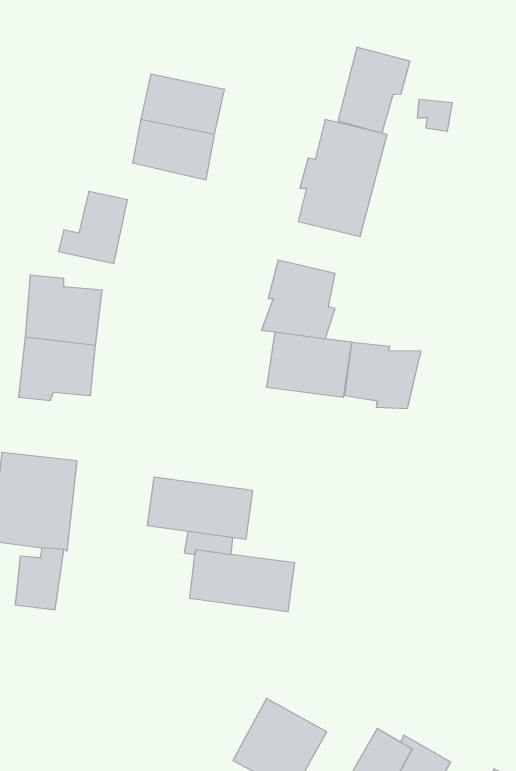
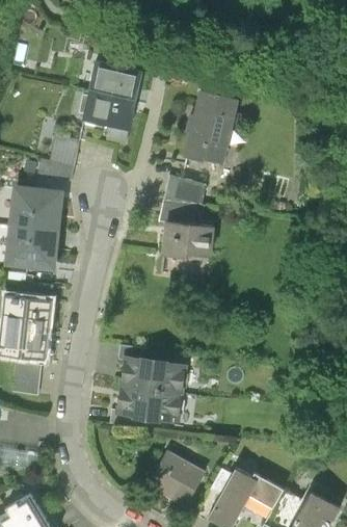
building: [338,47,410,133] -> none
building: [345,342,421,409] -> none
building: [147,477,253,539] -> [114,387,180,425]

